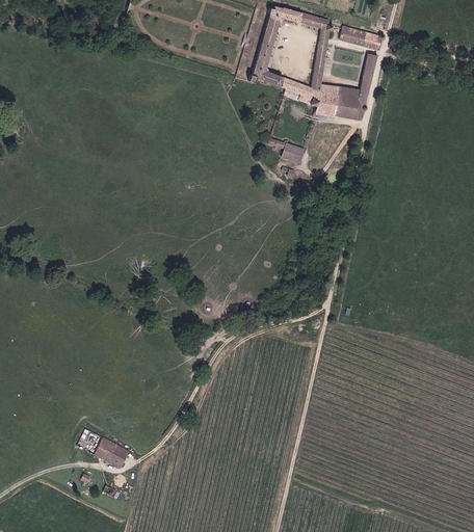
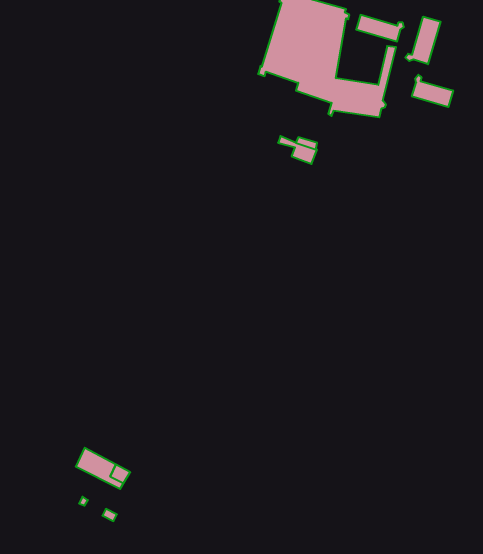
building: none -> [405,17,441,64]
building: none -> [412,75,453,107]

